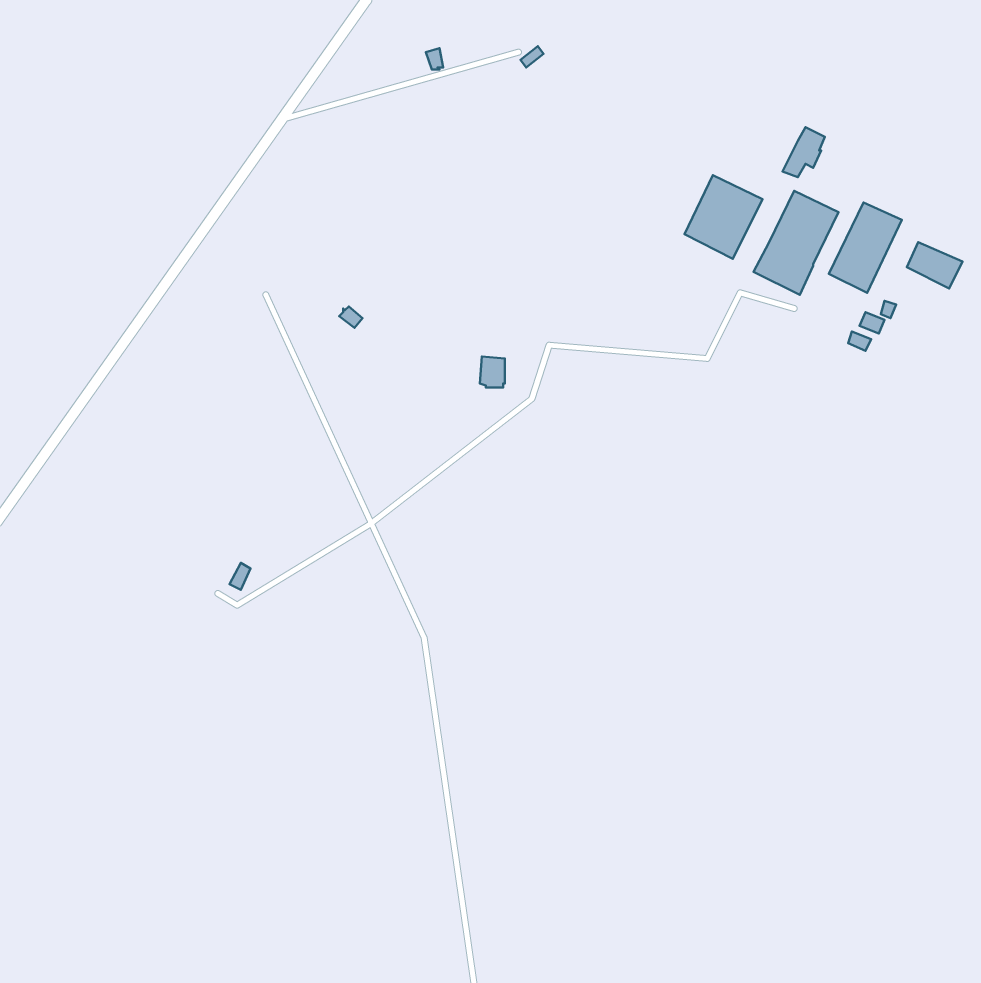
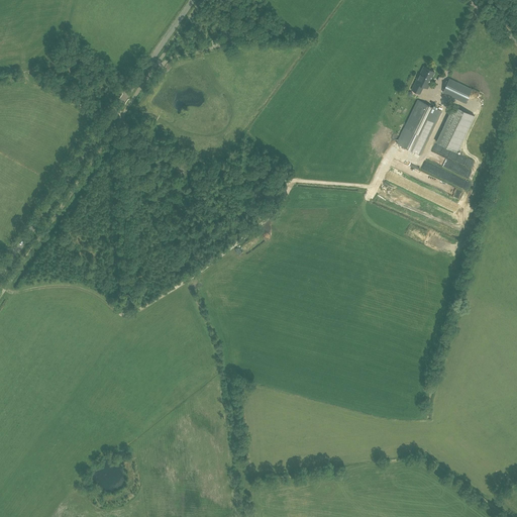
building: [684,175,763,259] -> none
building: [907,242,963,289] -> [441,80,471,104]

